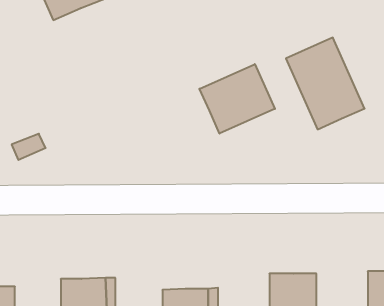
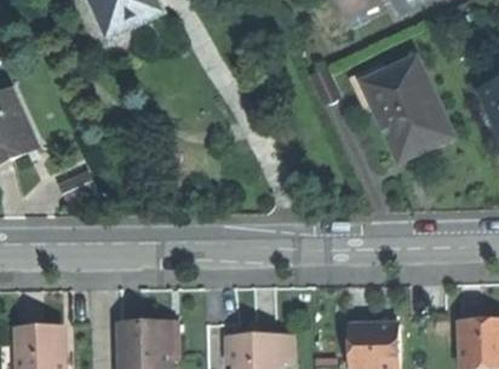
building: [199,64,275,134] -> none

